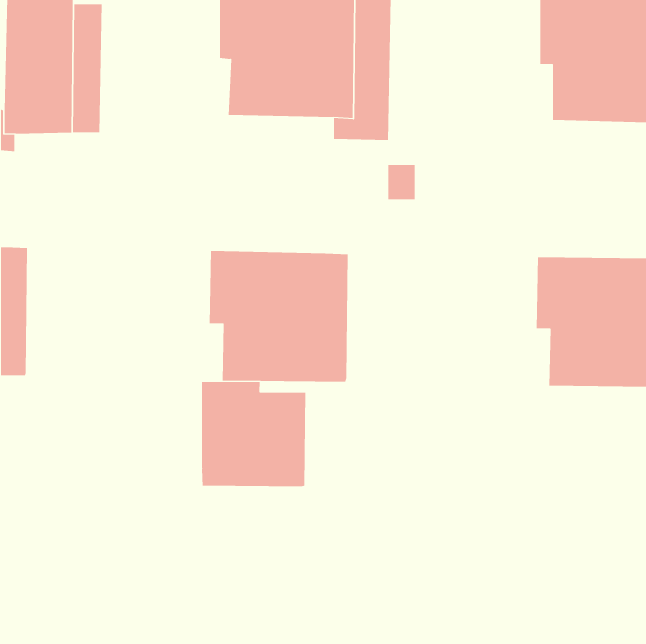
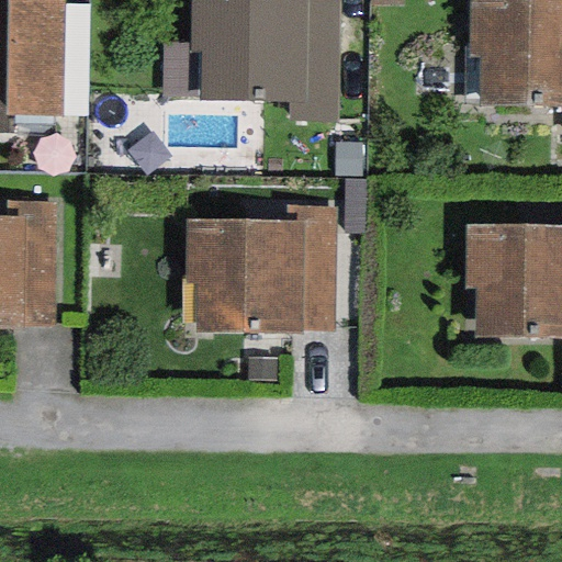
building: none -> [5,200,55,324]
building: none -> [283,204,333,328]
building: [201,381,306,487] -> none

